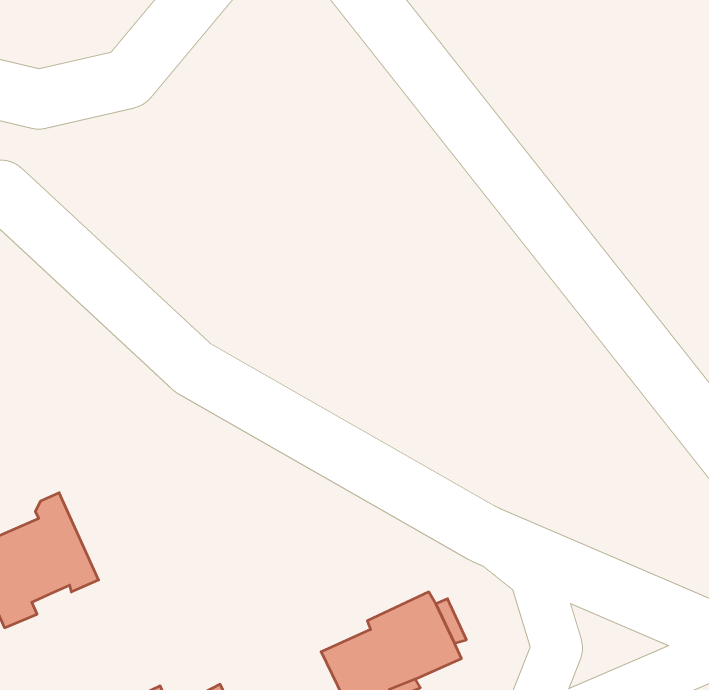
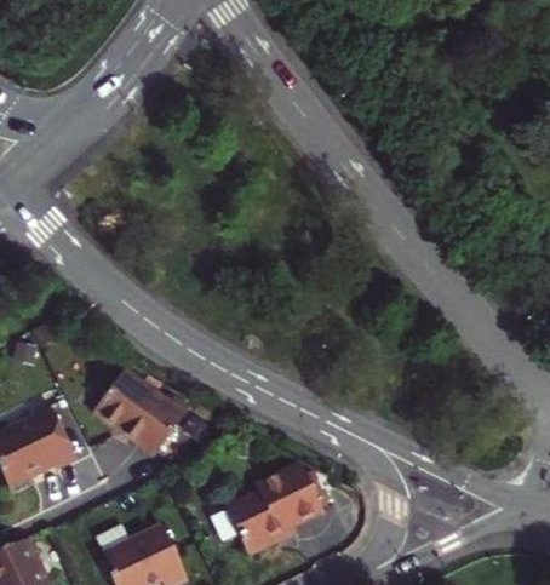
building: none -> [96,371,189,453]

